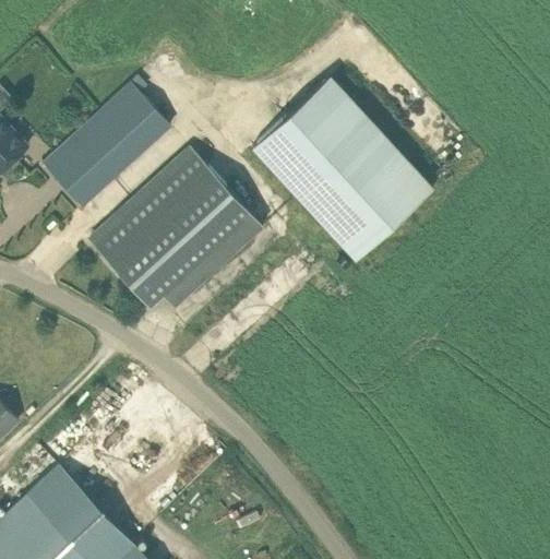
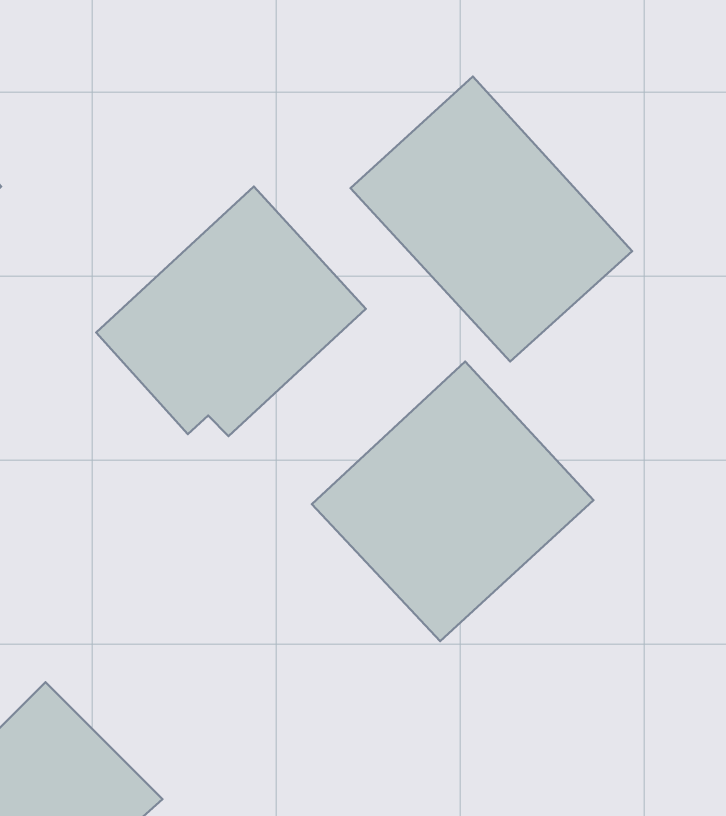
building: [41,83,170,207] -> none
building: none -> [312,361,594,641]

